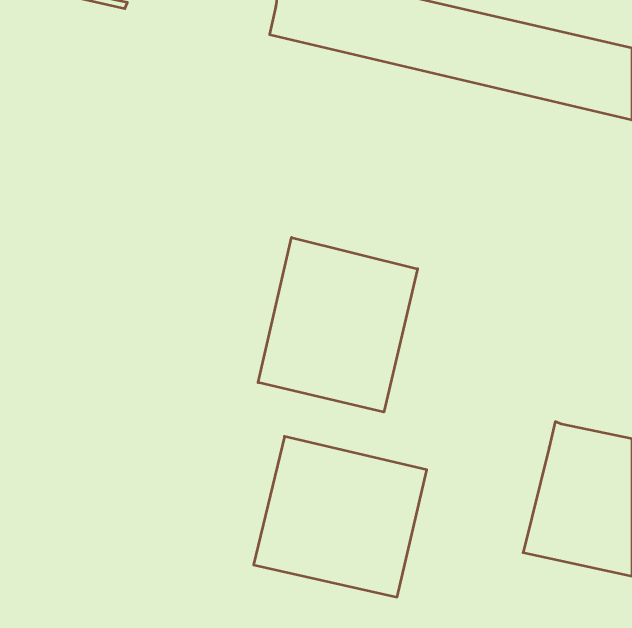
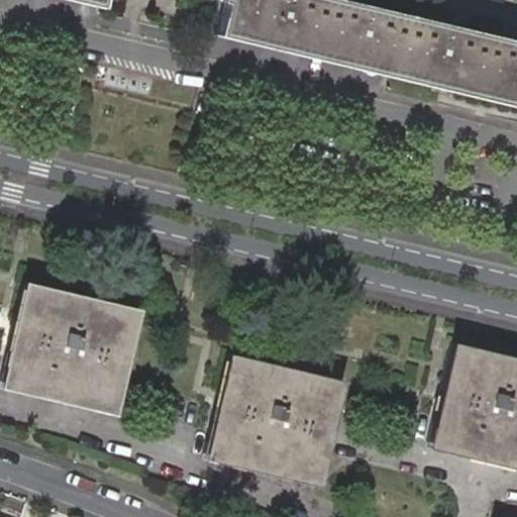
building: [258,237,418,412] -> none
building: none -> [4,283,145,418]

